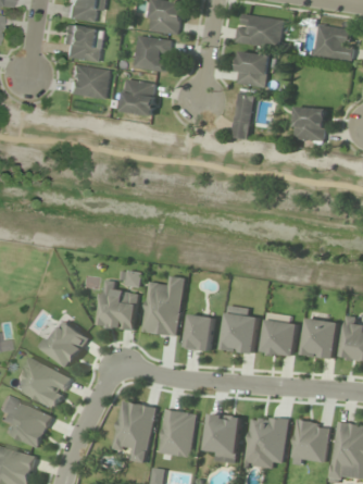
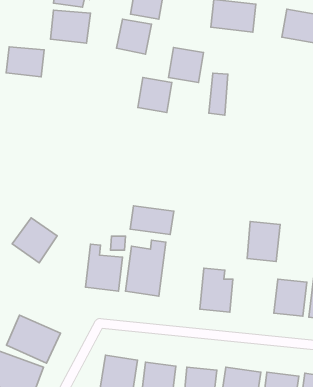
building: [236,51,274,89] -> [168,47,203,82]
building: [68,66,110,99] -> [6,47,44,77]
building: [121,79,158,117] -> [138,77,172,112]
building: [295,108,327,142] -> none
building: none -> [130,206,174,235]
building: [187,314,215,351] -> none
building: [264,314,300,358] -> [247,221,280,261]
building: [41,320,90,369] -> [12,218,57,263]

